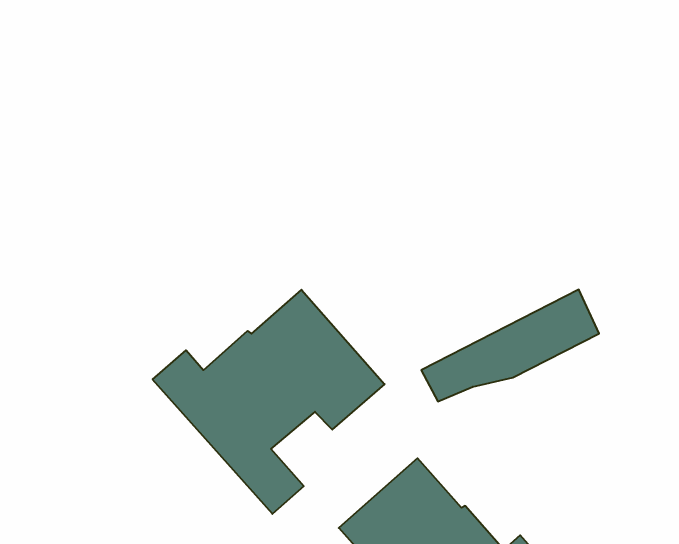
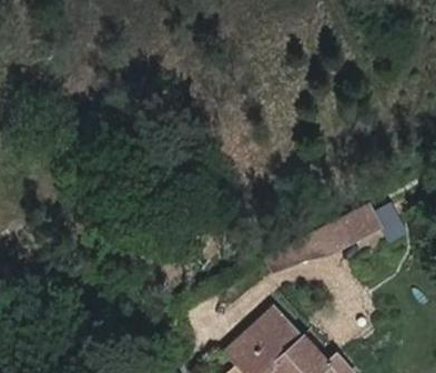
building: [153,290,385,514] -> none

